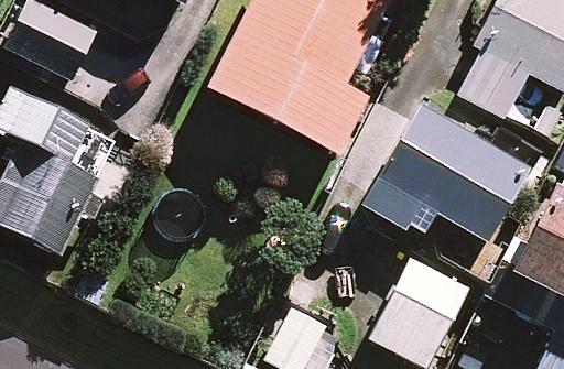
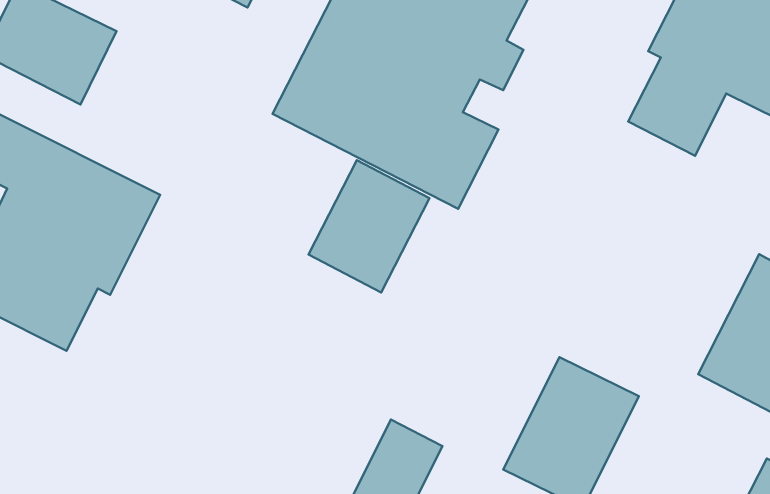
building: [360,104,528,267] -> none
building: none -> [308,160,429,292]

